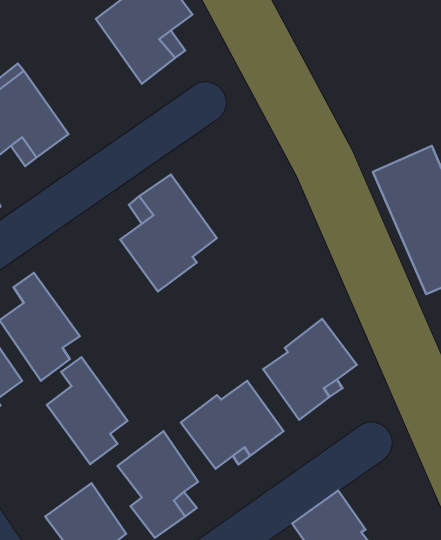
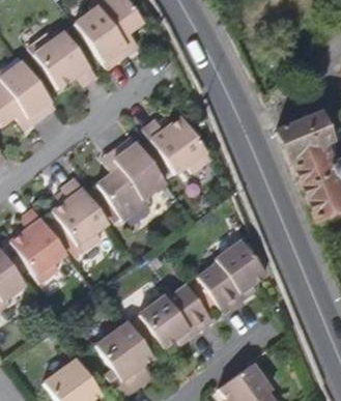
building: none -> [32,31,102,89]
building: none -> [143,115,214,173]
building: [47,357,128,464] -> [50,176,108,253]

